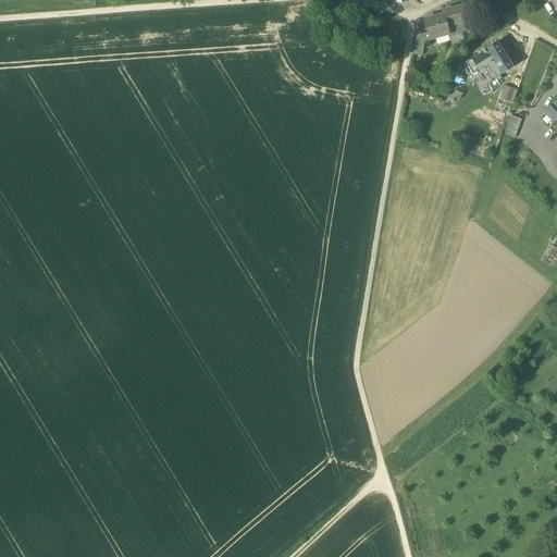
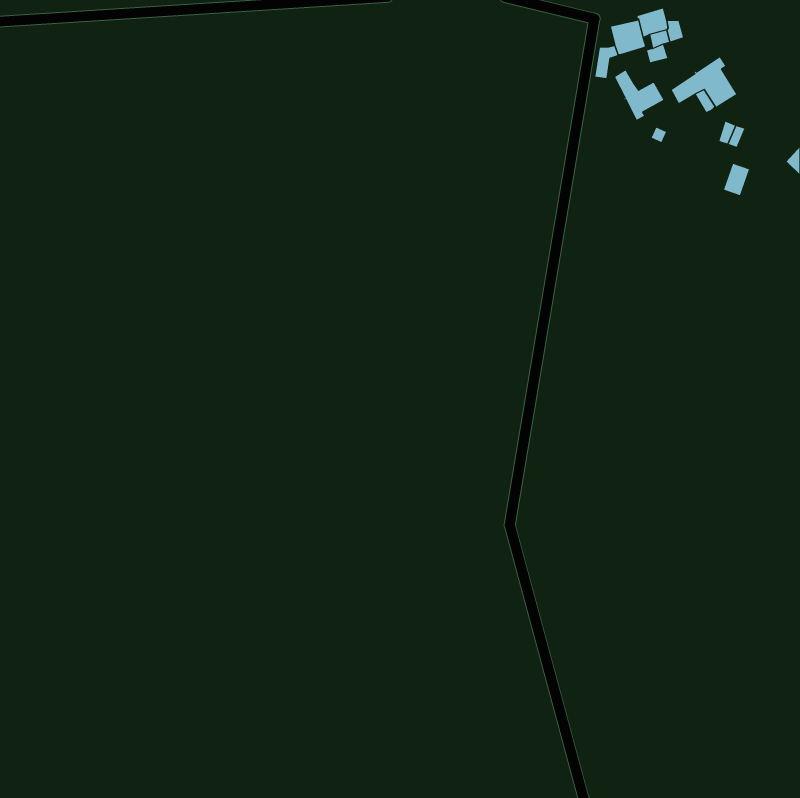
building: none -> [613,69,664,121]

